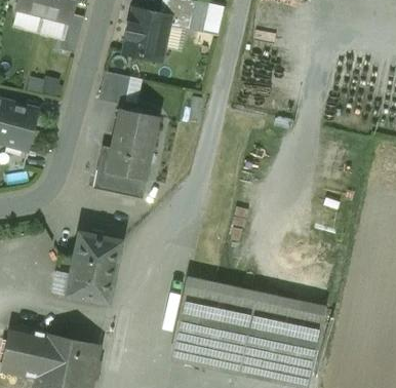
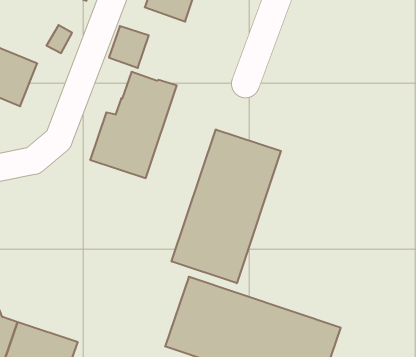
building: none -> [172,129,281,283]
building: [52,234,122,304] -> none

